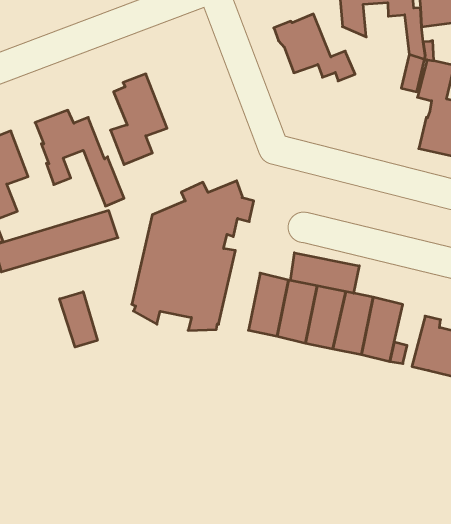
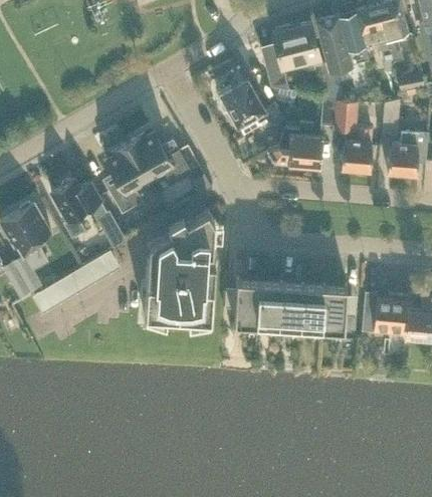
building: none -> [128,133,192,184]
building: none -> [268,120,322,165]
building: [290,253,359,293] -> none
building: [60,292,97,347] -> none

